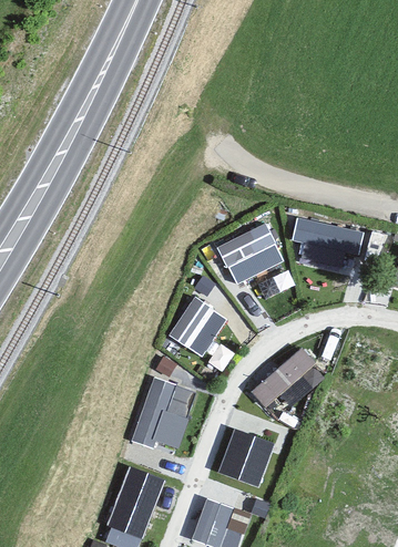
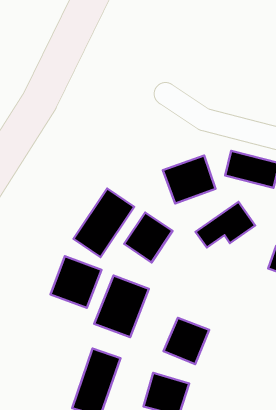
building: none -> [74,189,134,257]
building: [249,350,325,407] -> [196,202,255,248]
building: none -> [50,256,101,308]

